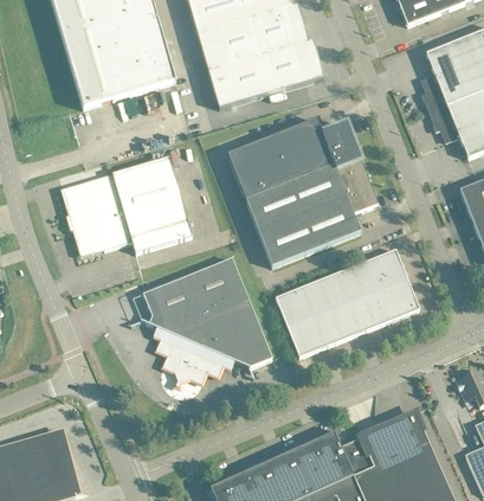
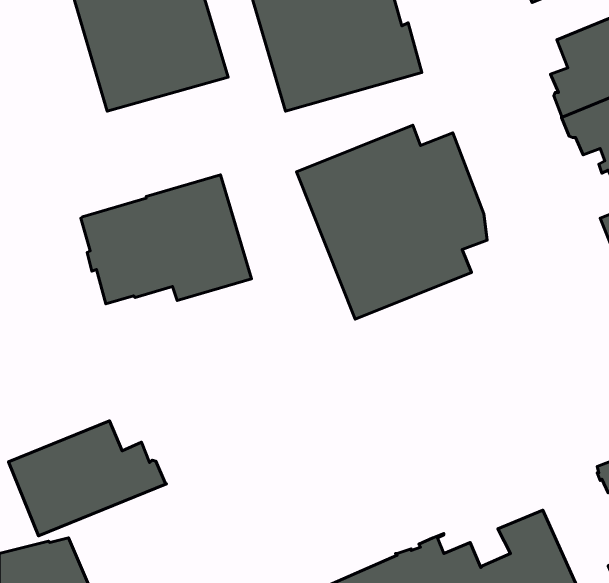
building: [276,248,419,355] -> none
building: [130,257,272,381] -> none
building: none -> [8,421,166,536]

